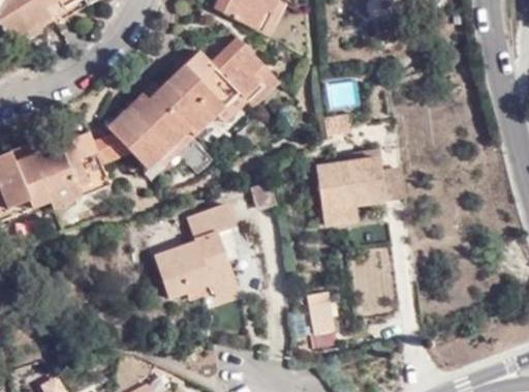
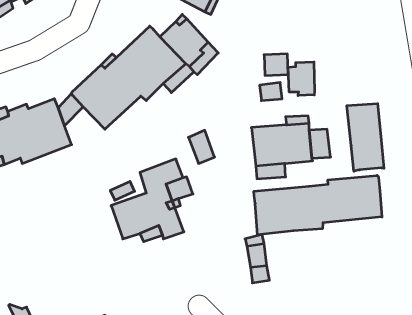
building: none -> [288,62,315,96]
building: none -> [347,104,384,171]
building: none -> [254,175,382,235]

